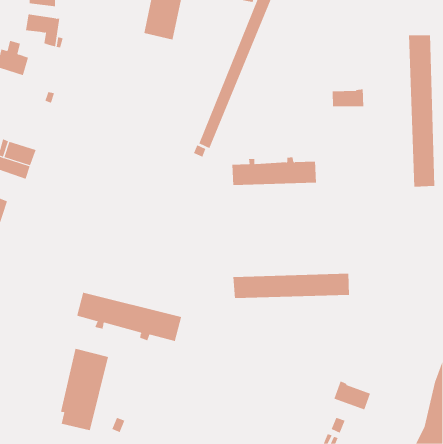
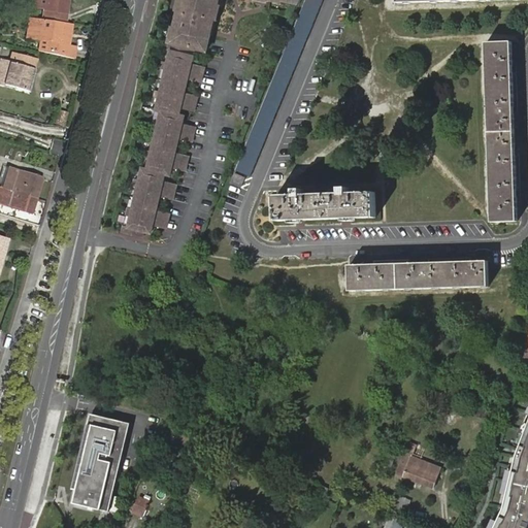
building: none -> [121,52,201,237]
building: [332,89,364,107] -> none
building: [232,273,350,299] -> [348,260,487,290]
building: [77,292,182,342] -> none

